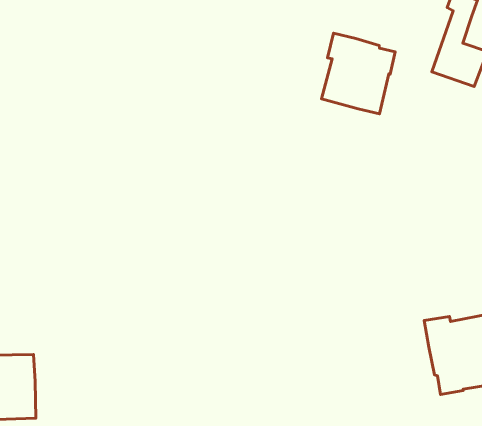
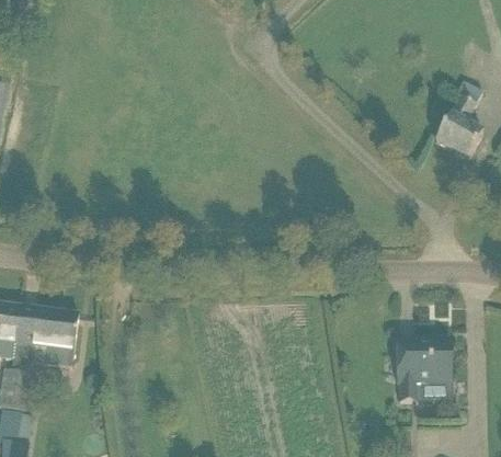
building: [321,33,395,114] -> none

